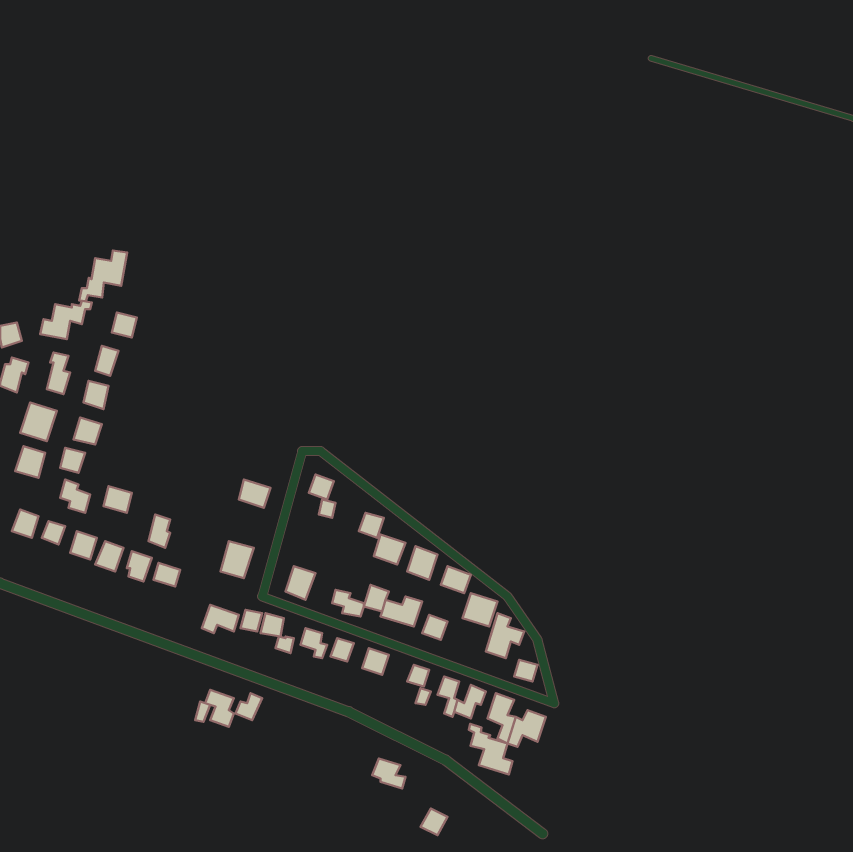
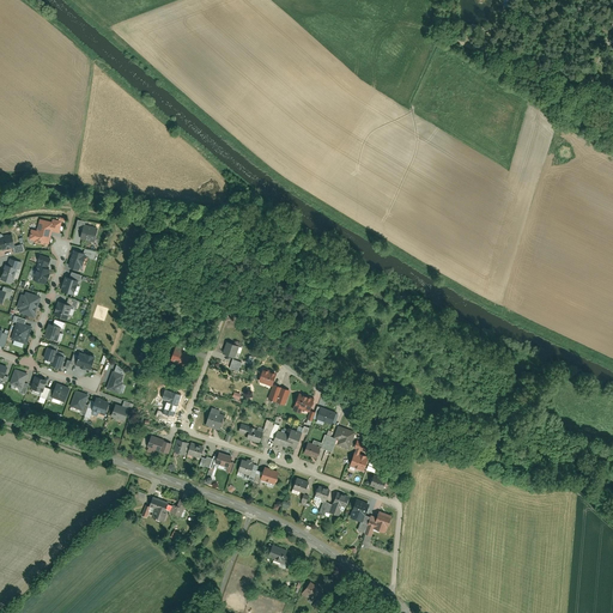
building: [79,251,127,301] -> none
building: [469,724,512,775] -> none

